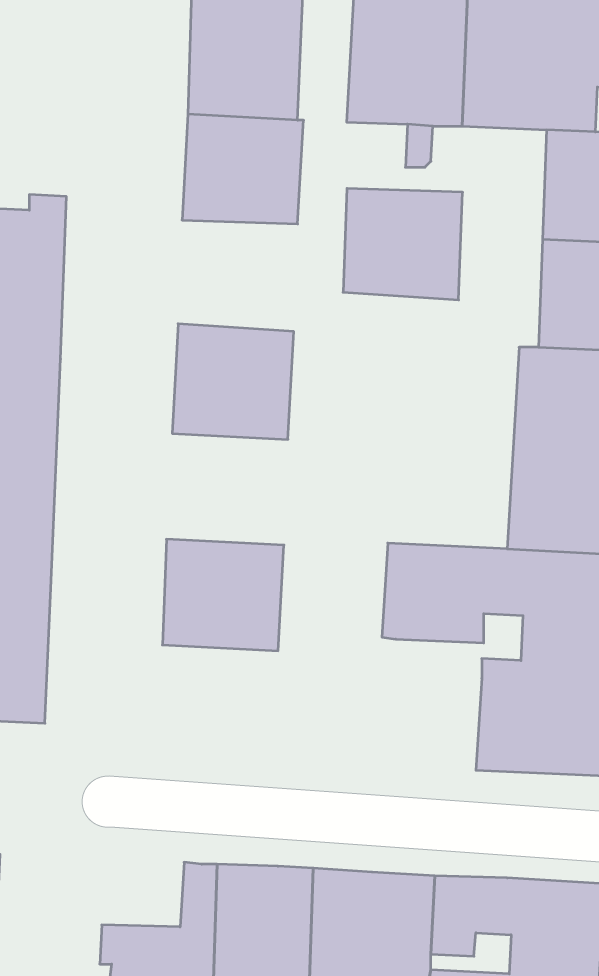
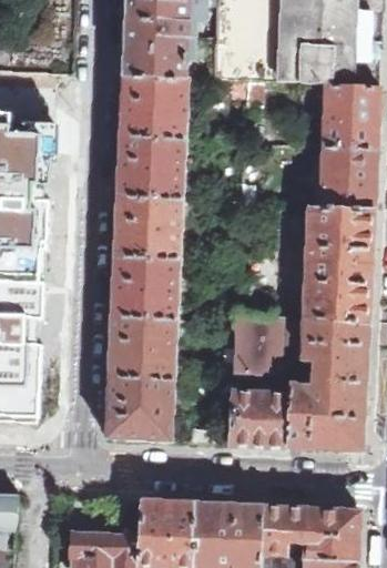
building: [343,188,463,300] -> [116,135,184,199]
building: none -> [110,256,179,320]
building: none -> [105,376,173,440]
building: none -> [226,392,288,447]

